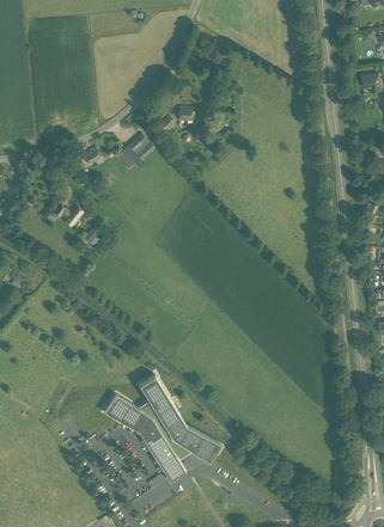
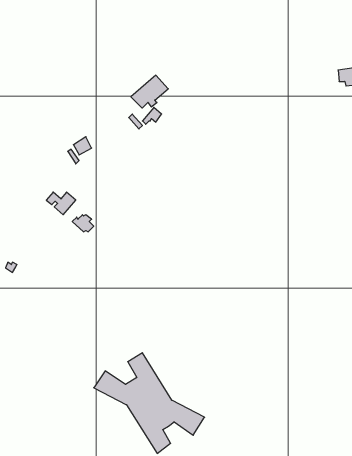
building: [115,133,154,167] -> [131,75,168,108]

